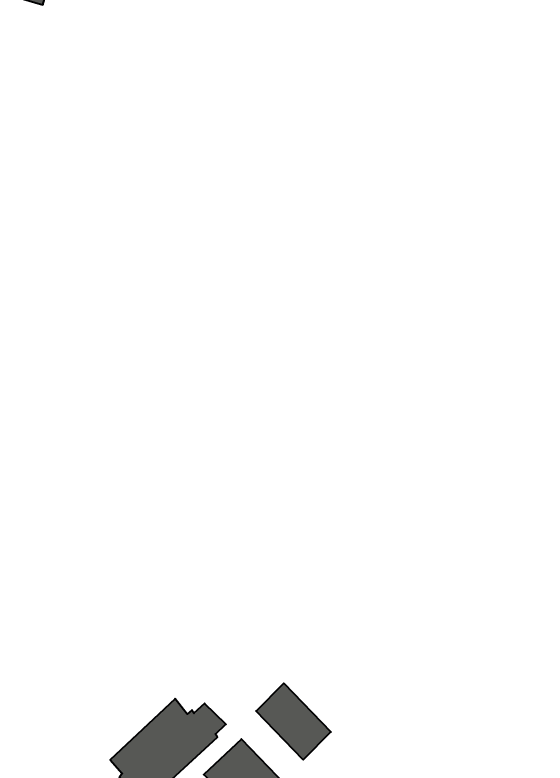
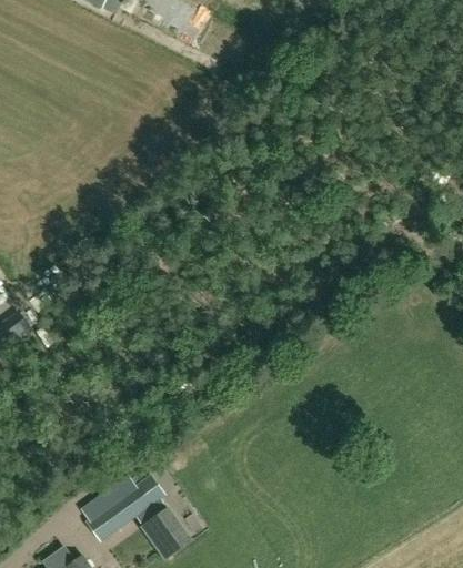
building: [256,683,331,760] -> none

